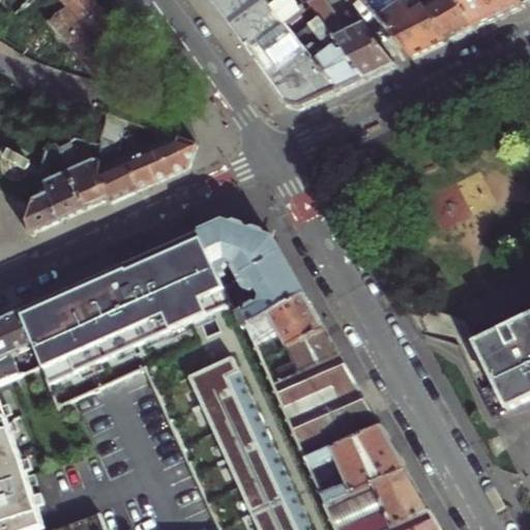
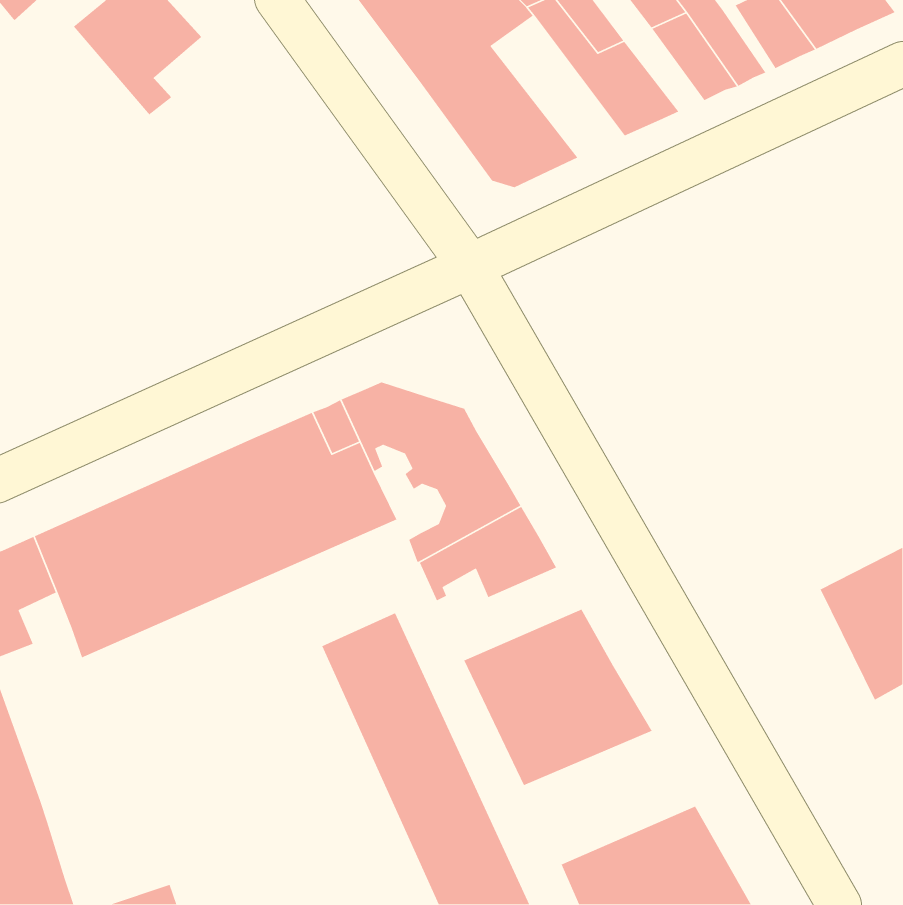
building: [287,9,364,92] -> none
building: [23,132,186,220] -> none
building: [268,331,340,385] -> none
building: [305,426,406,504] -> none

